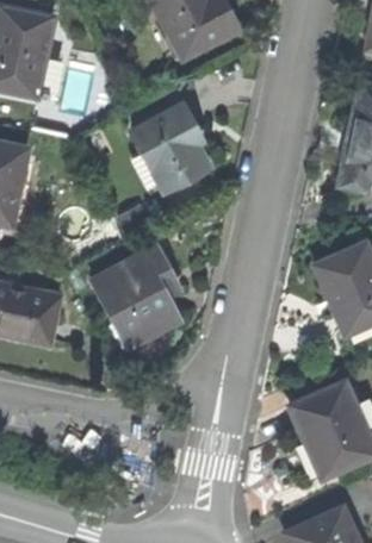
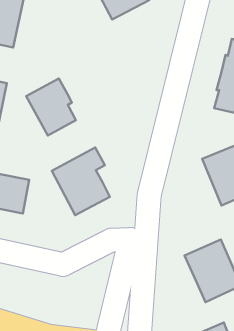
building: [135,107,209,192] -> [26,78,76,136]

